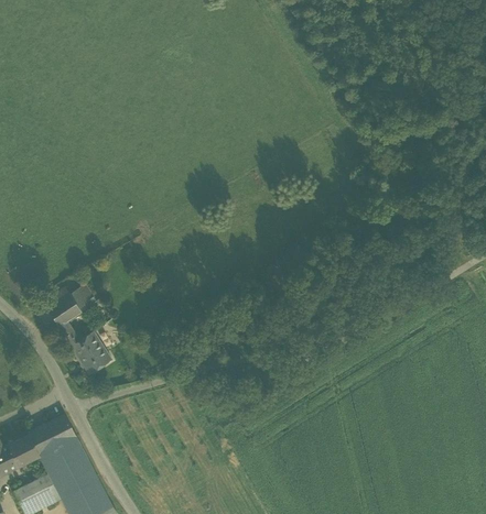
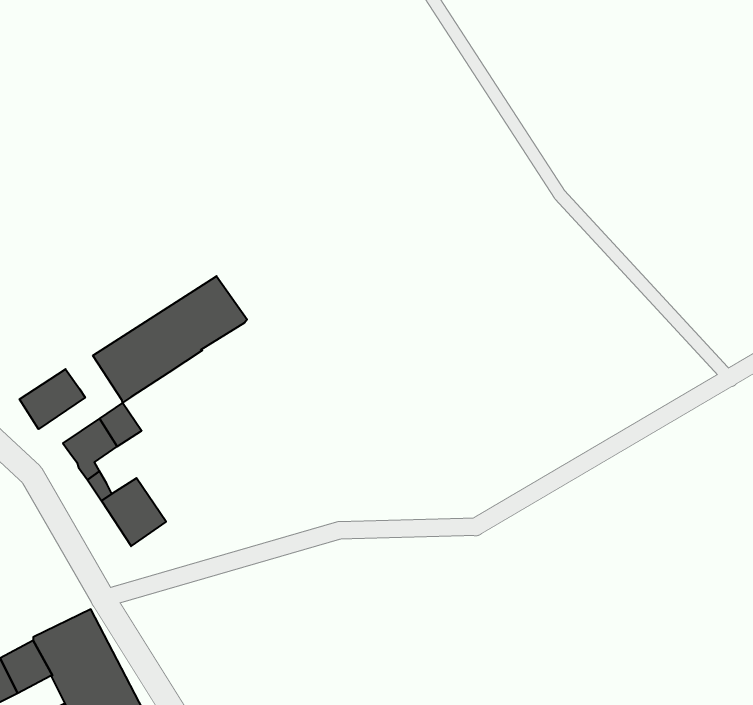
building: none -> [93,276,247,403]
building: none -> [20,369,85,429]

